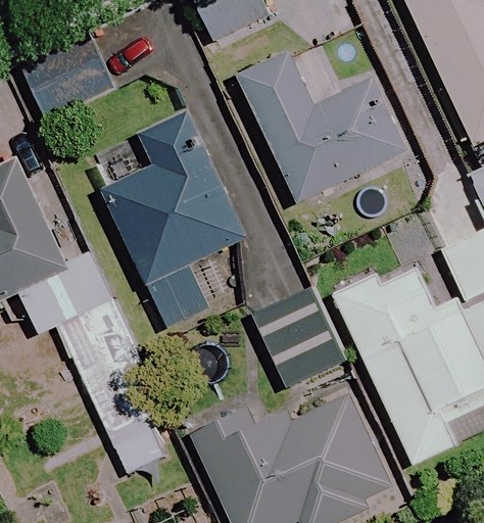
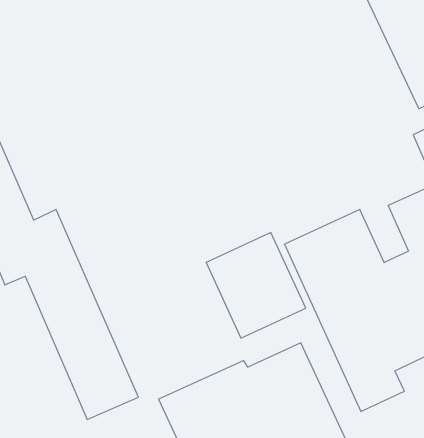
building: [237,51,402,203] -> none
building: [103,109,252,326] -> none

